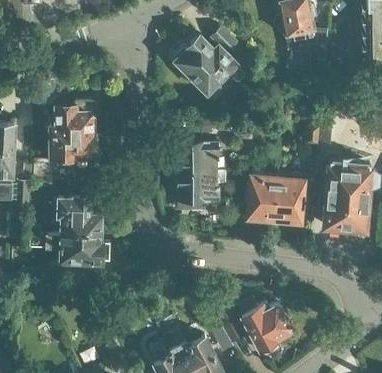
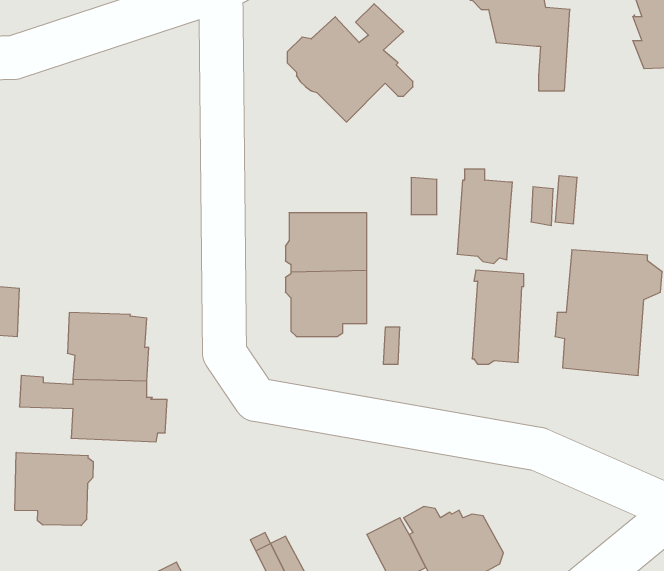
building: [35,101,97,183] -> none
building: [248,172,278,223] -> [457,169,512,263]
building: none -> [15,452,93,526]

